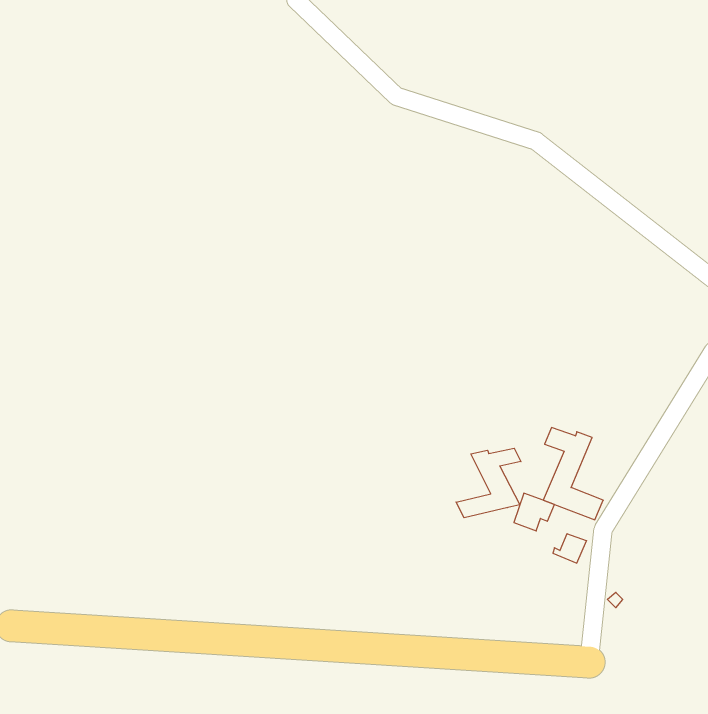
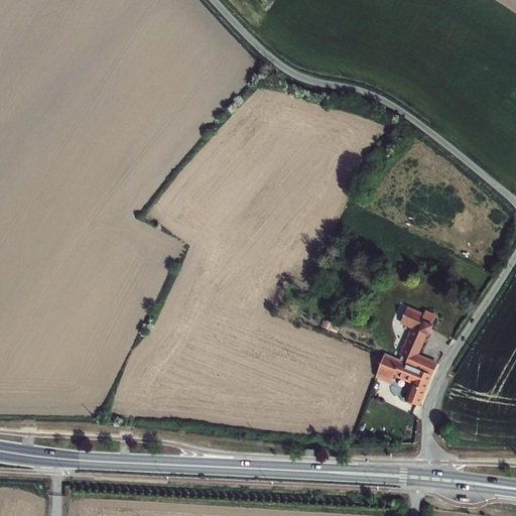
building: [456,448,521,518] -> none
building: none -> [399,364,433,390]

